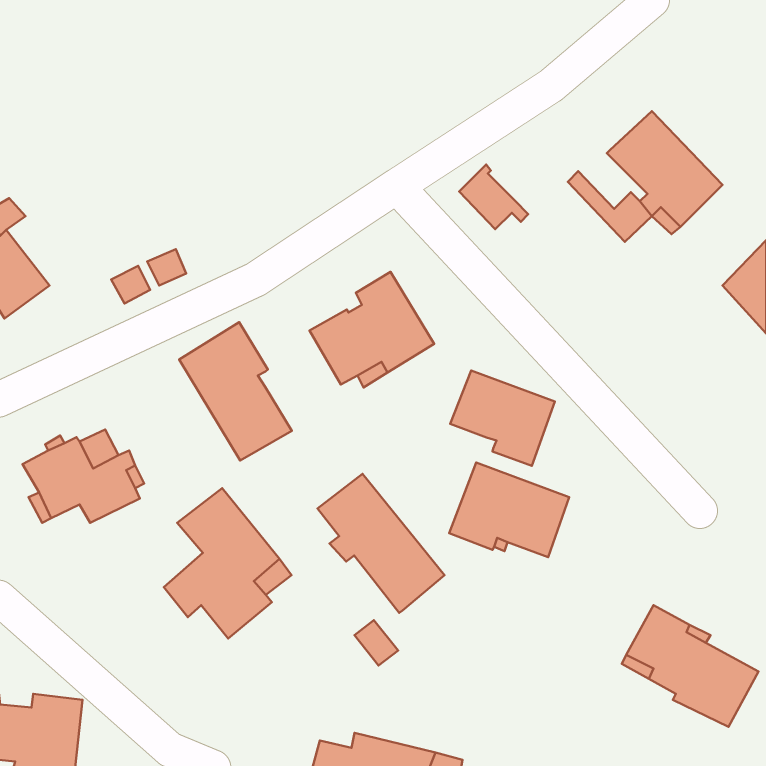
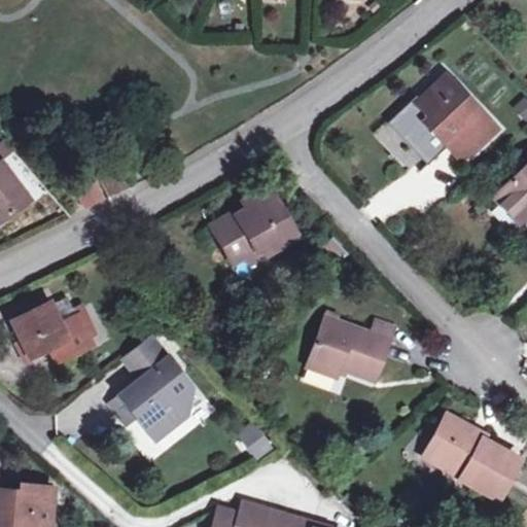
building: [459,165,528,229] -> [396,100,444,144]
building: [179,322,292,460] -> none
building: [450,371,555,466] -> none
building: [317,474,444,613] -> none

